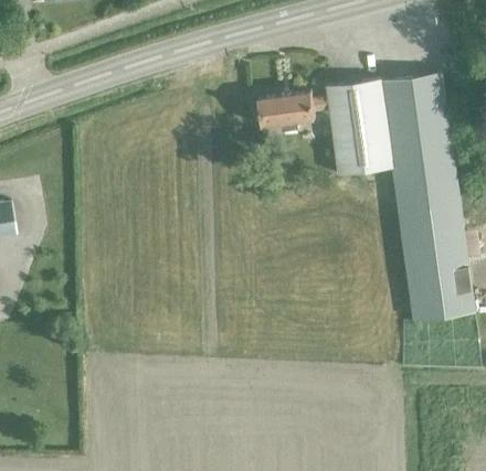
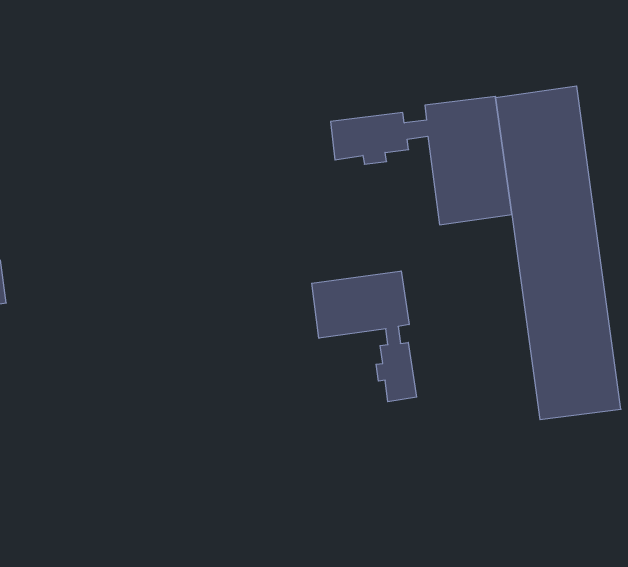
building: none -> [312,271,417,402]

